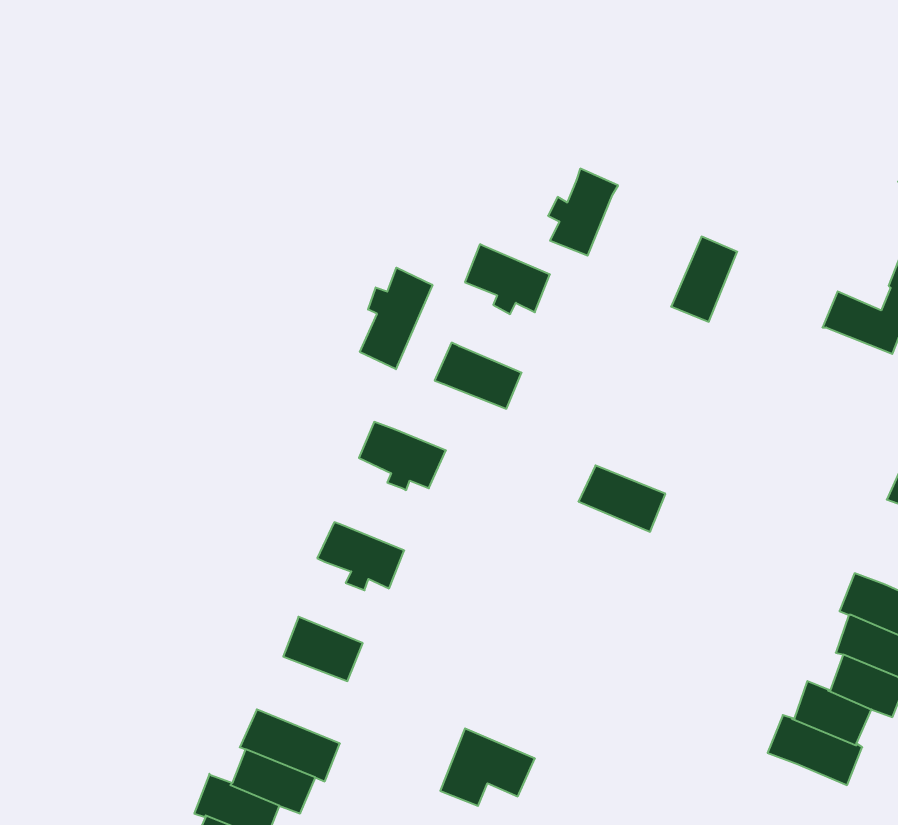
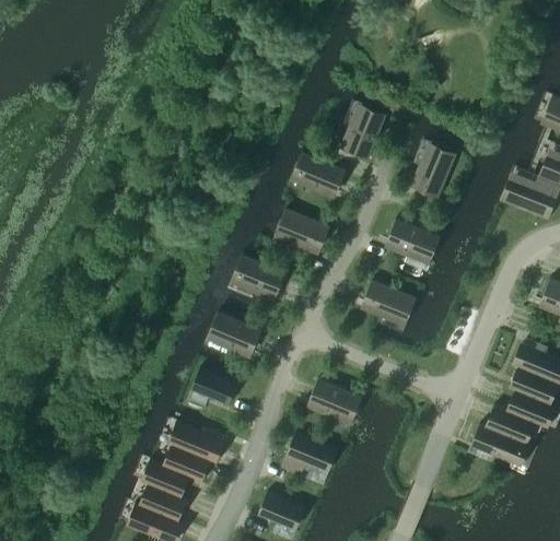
building: [360,268,432,369] -> none
building: none -> [386,220,436,258]
building: none -> [308,380,358,419]

